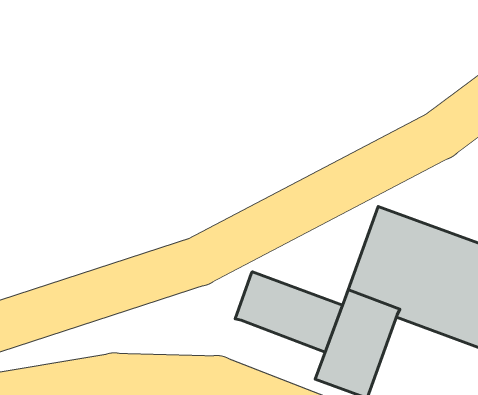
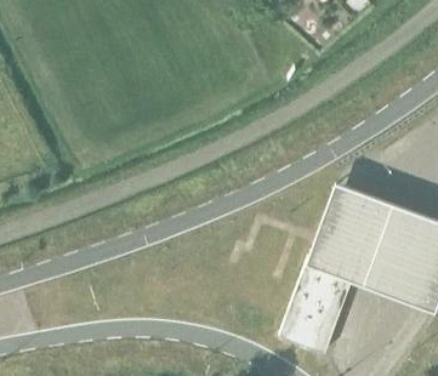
building: [235,272,342,352] -> none

